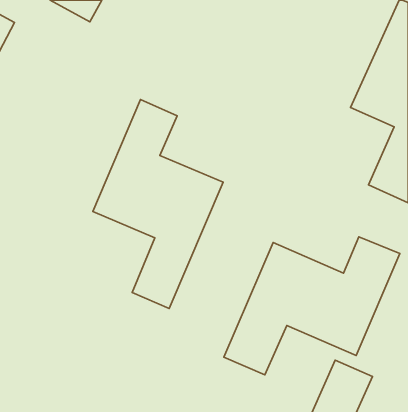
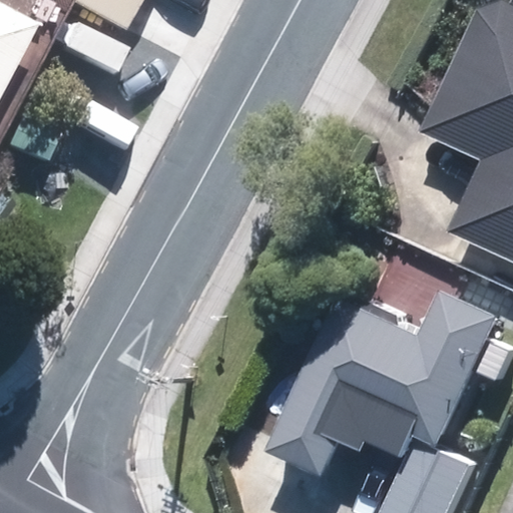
building: [93,99,223,308] -> none

